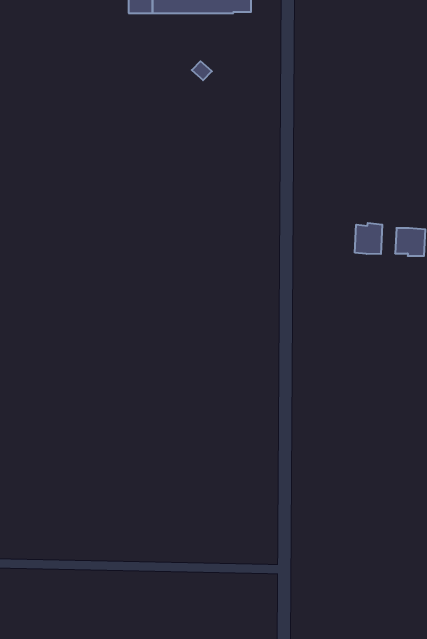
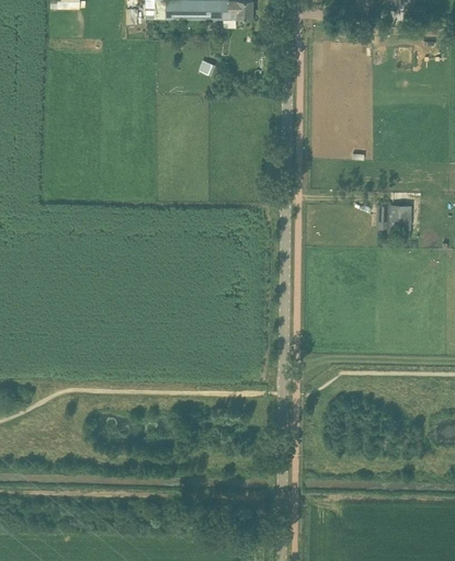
building: [355,223,382,254] -> none

